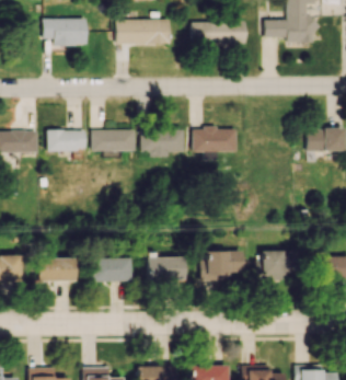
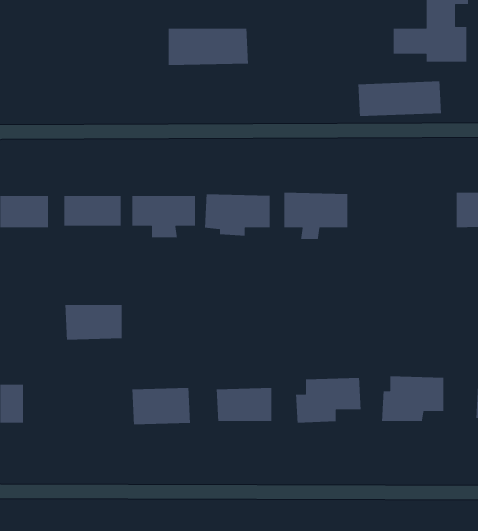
building: [44,19,89,46] -> none
building: [192,21,247,45] -> [358,81,442,117]
building: [37,258,76,283] -> [65,304,123,341]

